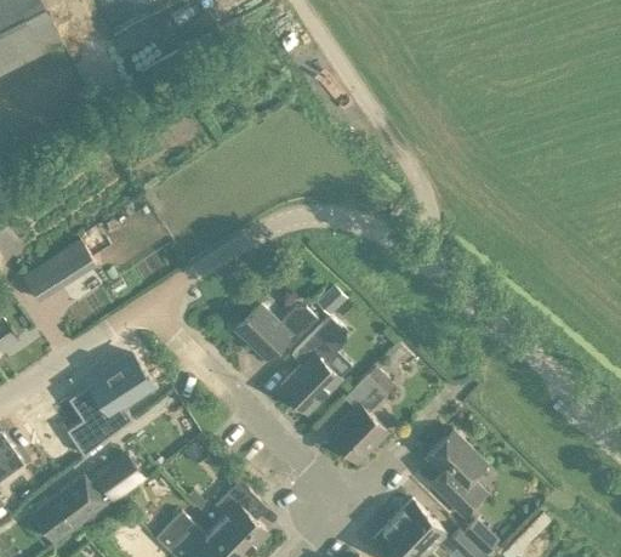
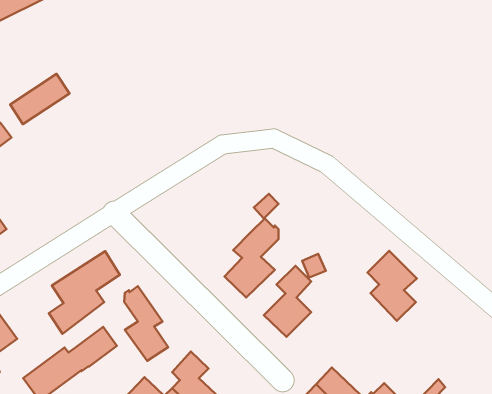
building: [22,240,95,302] -> [10,74,69,124]
building: [233,305,315,360] -> none
building: none -> [124,286,168,361]
building: [425,431,485,517] -> [367,251,417,321]

